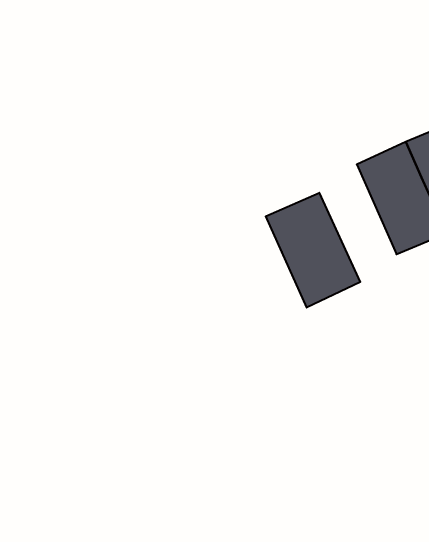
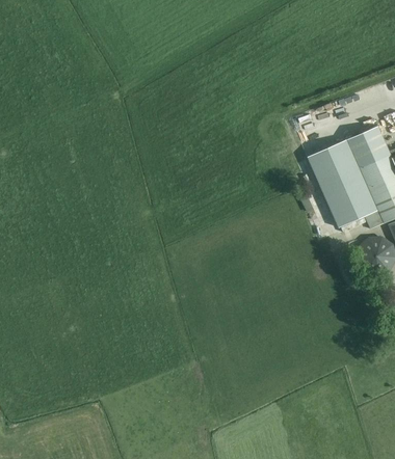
building: [266,193,360,308] -> none

